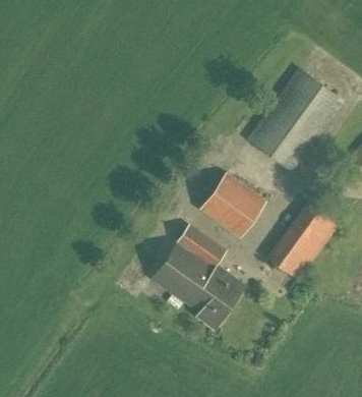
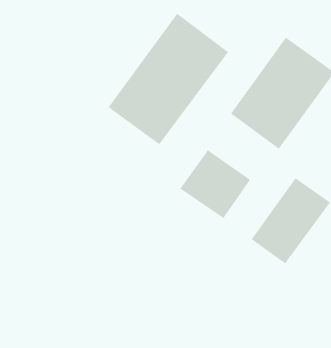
building: none -> [108,13,229,145]
building: [152,224,247,330] -> none

